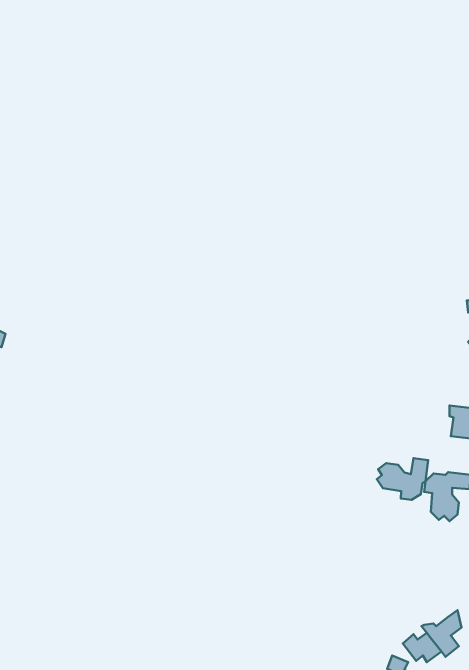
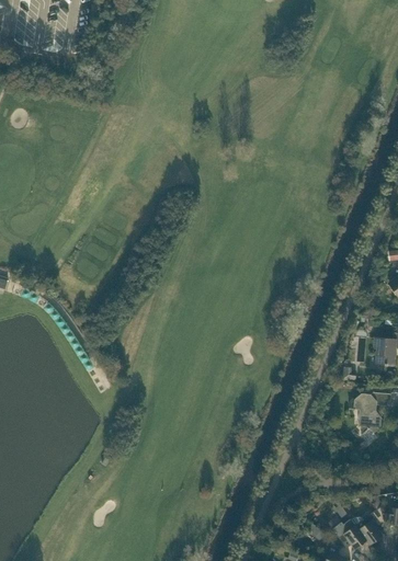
building: [377,458,428,500] -> none

